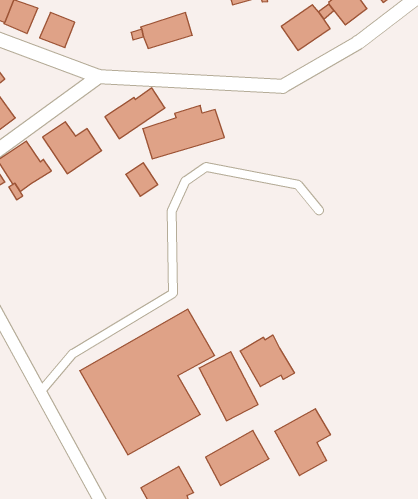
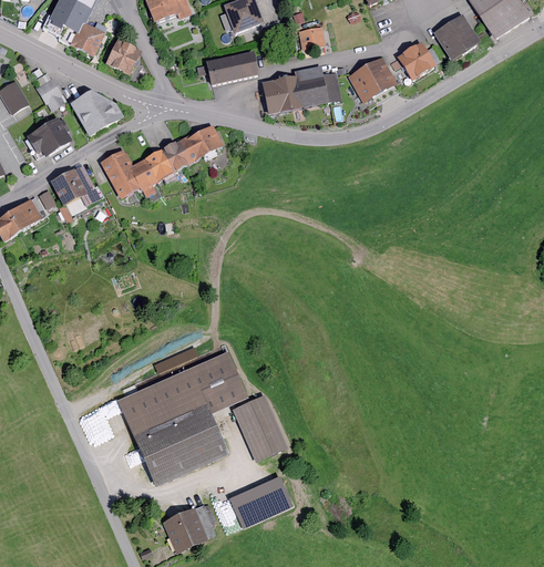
building: none -> [70,91,124,137]
building: [143,105,224,159] -> [261,65,342,114]
building: [126,163,158,196] -> [144,148,175,182]
building: [240,335,294,387] -> none
building: [275,409,330,476] -> none

